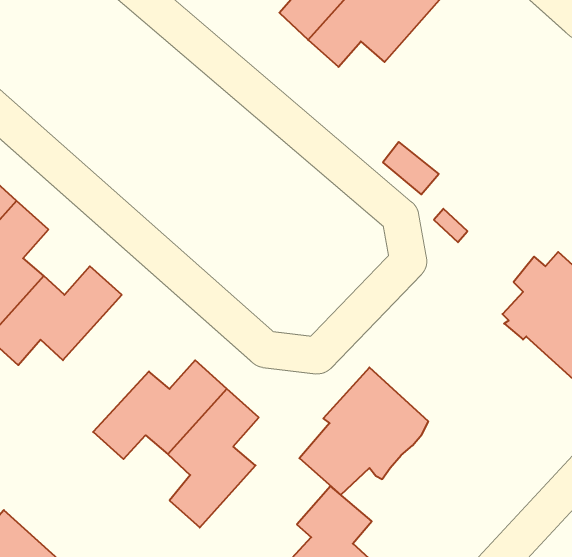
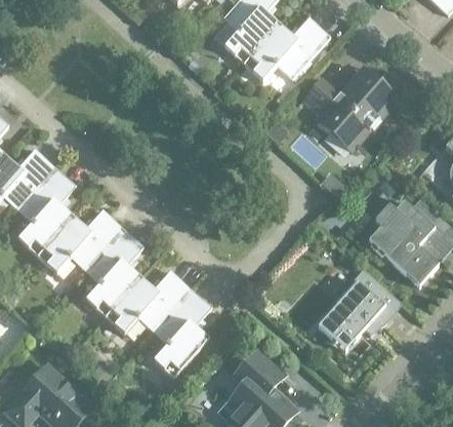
building: none -> [301,68,398,152]
building: none -> [85,228,143,316]
building: [299,367,428,495] -> [318,268,401,350]

